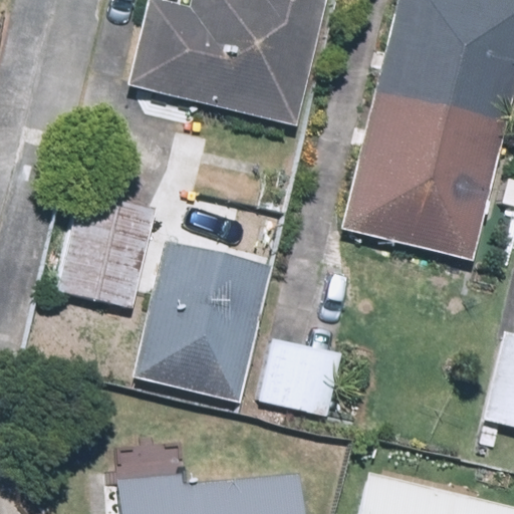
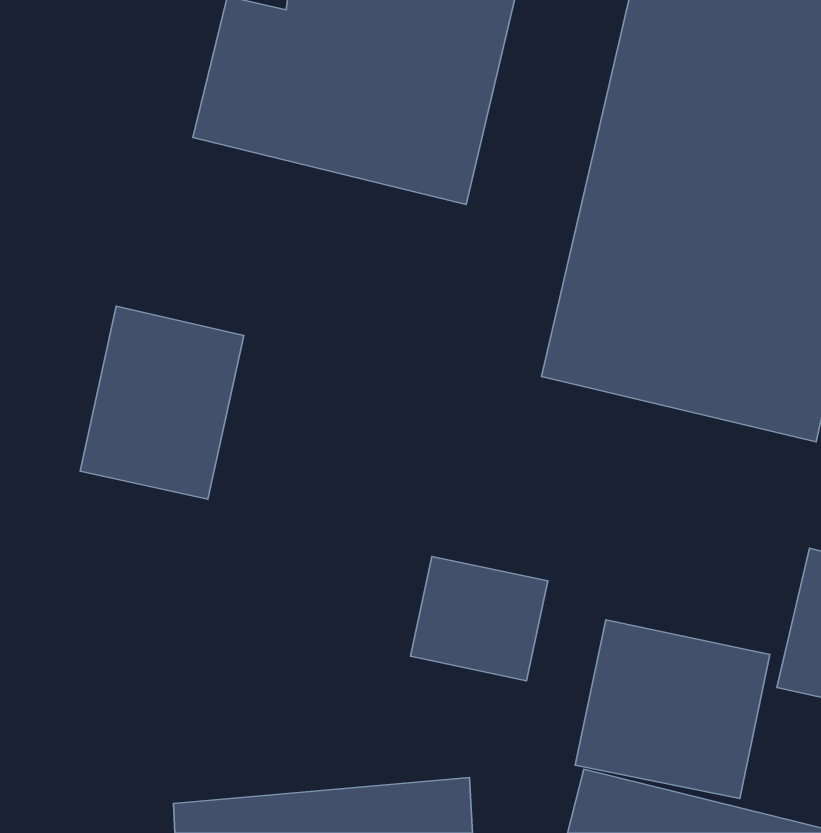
building: [132,240,275,405] -> none
building: none -> [575,620,770,799]

